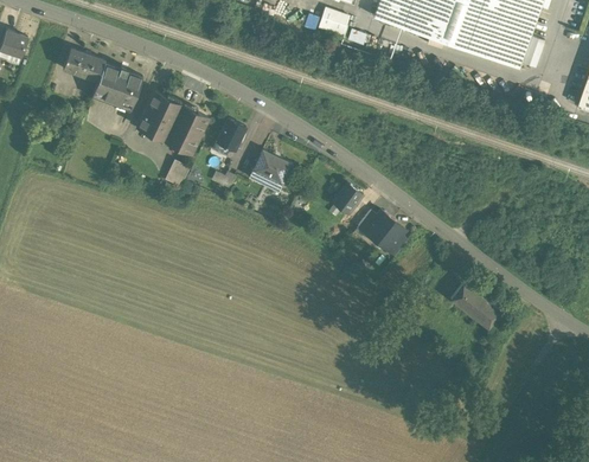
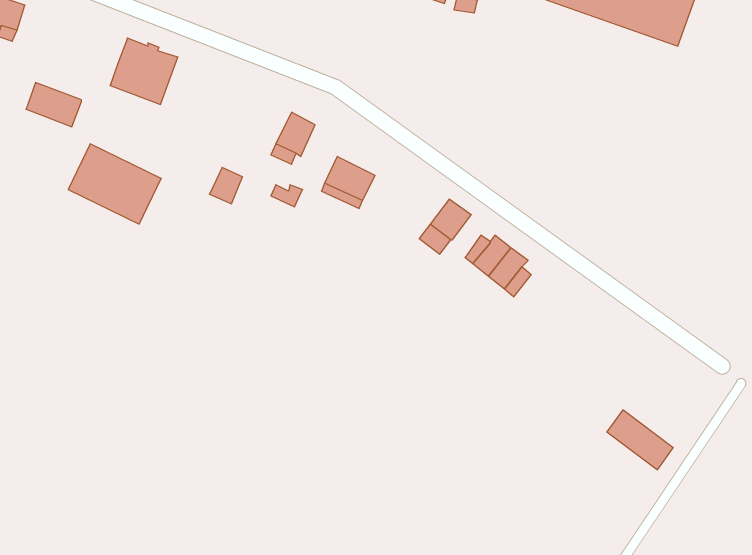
building: [63,46,104,79] -> [26,83,81,127]
building: [137,90,207,150] -> [68,144,161,224]
building: [450,281,500,326] -> [607,410,673,470]

